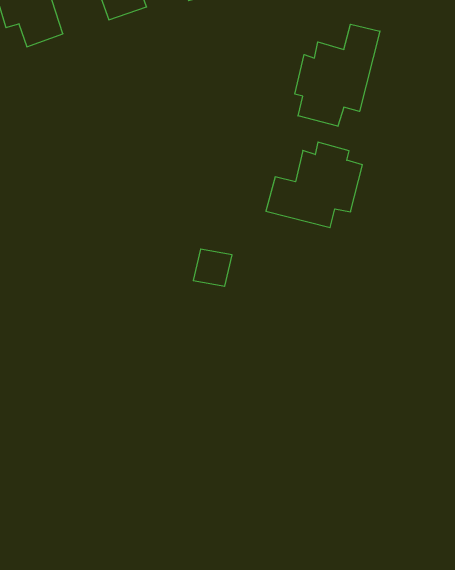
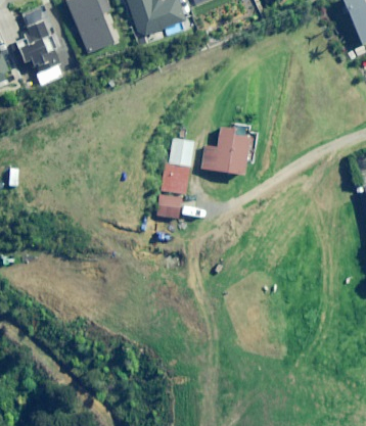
building: [295,24,380,126] -> none
building: none -> [163,138,195,193]

